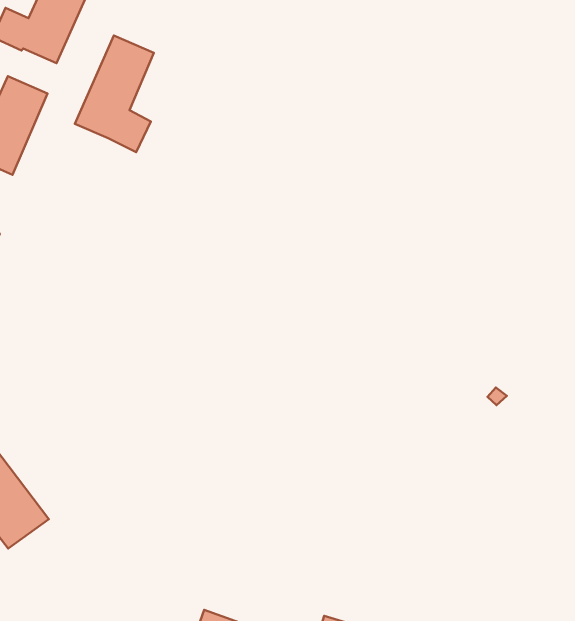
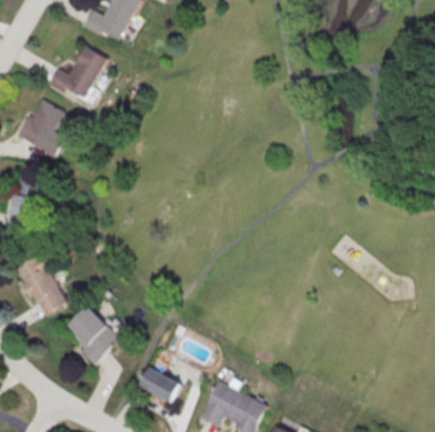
building: [75,36,154,152] -> none
building: none -> [68,304,123,361]

